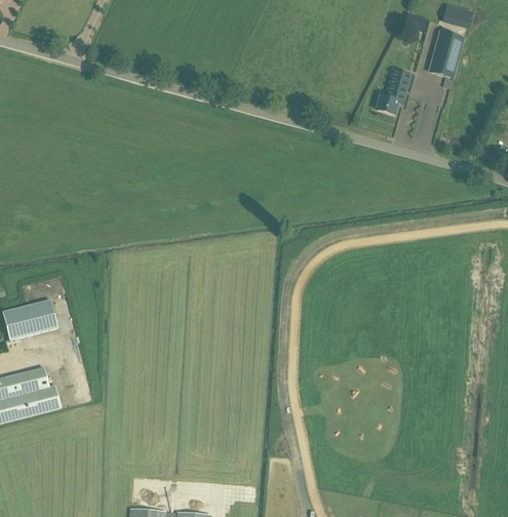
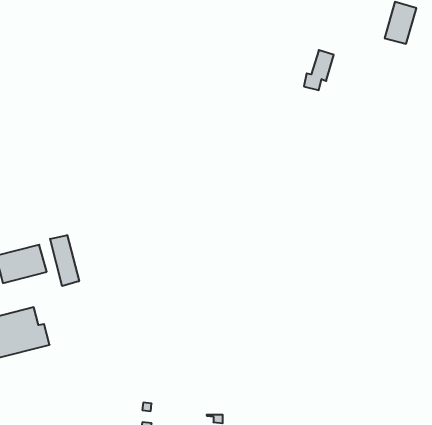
building: [377,70,409,114] -> [304,50,334,90]
building: none -> [50,235,79,286]

